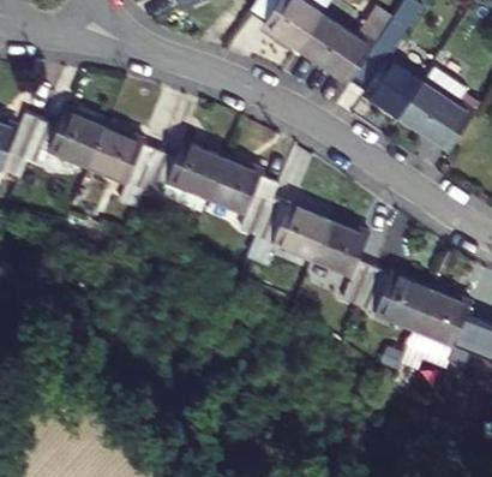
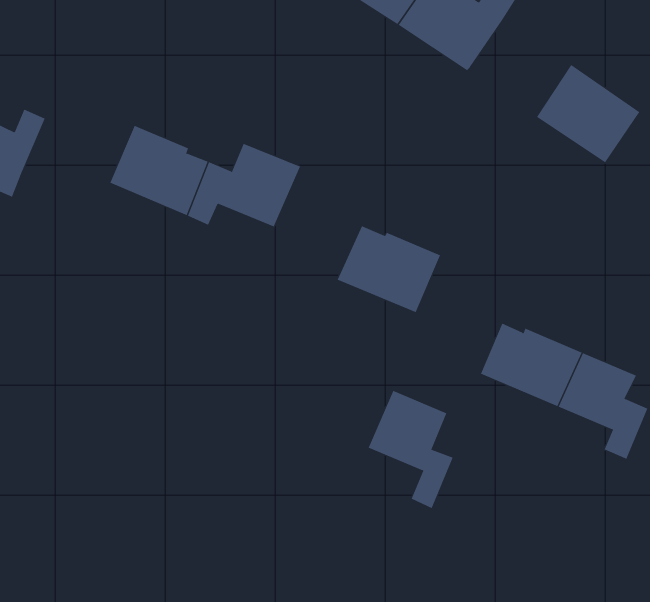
building: [353,49,426,120] -> none
building: [26,109,108,169] -> none
building: [210,156,281,239] -> none
building: [313,221,376,308] -> [368,390,454,509]

